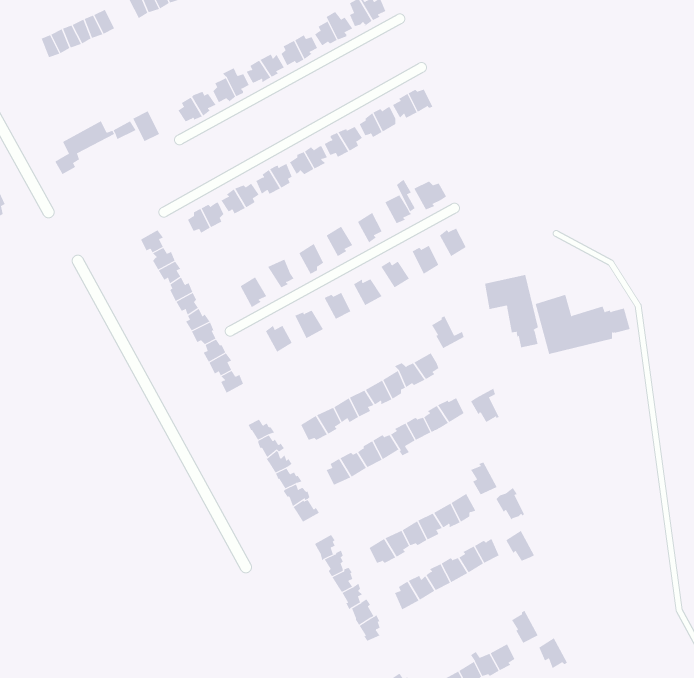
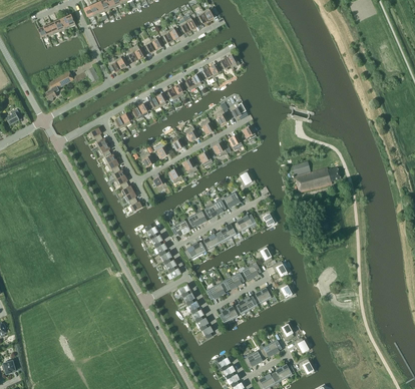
building: [484,274,539,348] -> none

